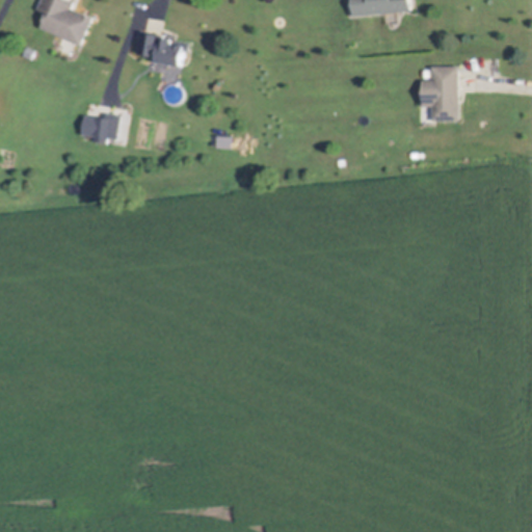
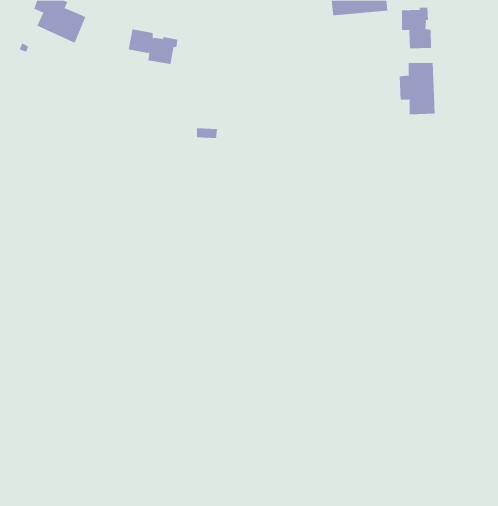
building: none -> [401,7,432,49]
building: [87,112,118,142] -> none

